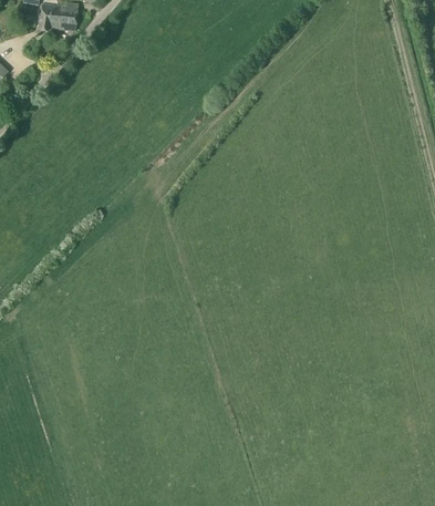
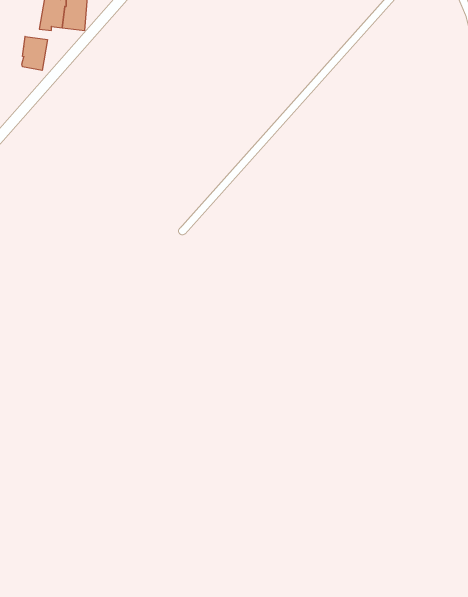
building: none -> [22,36,47,70]

